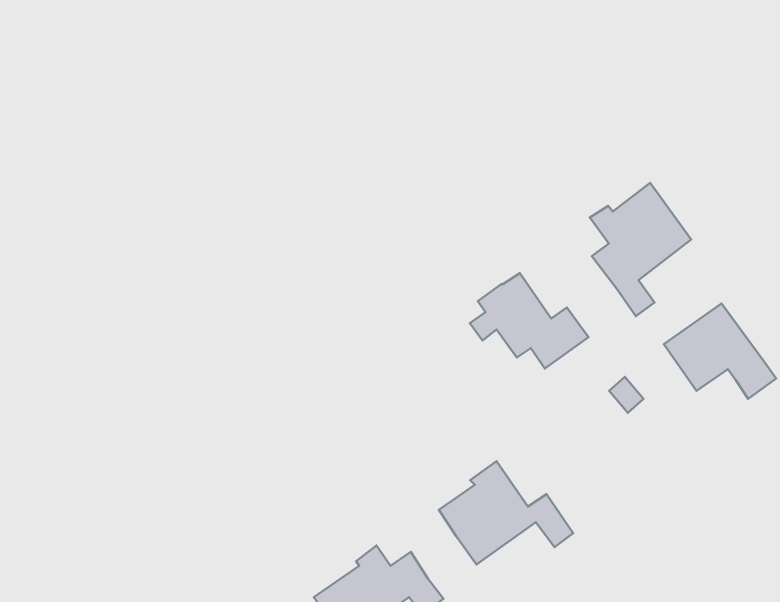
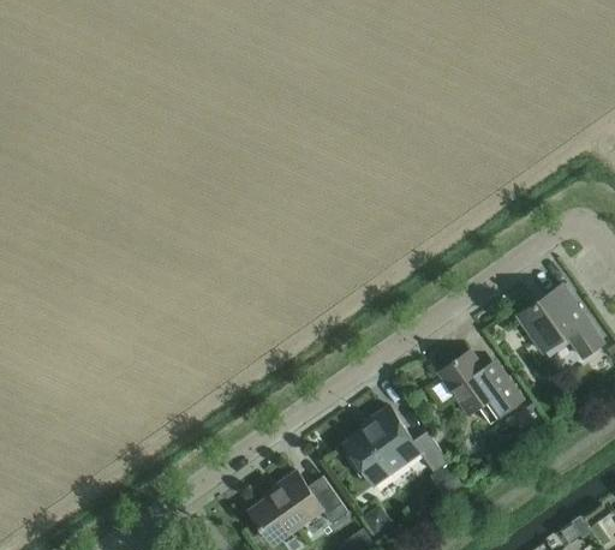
building: [590,183,691,316] -> none
building: [470,273,589,368] -> [432,351,524,424]

